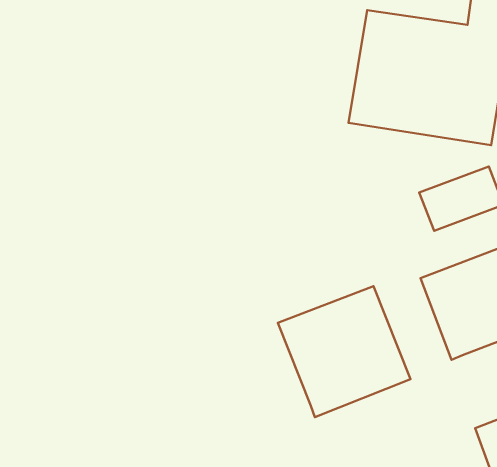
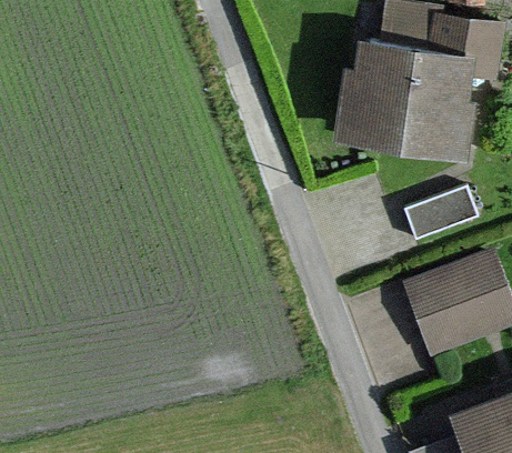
building: [278,286,411,417] -> none

